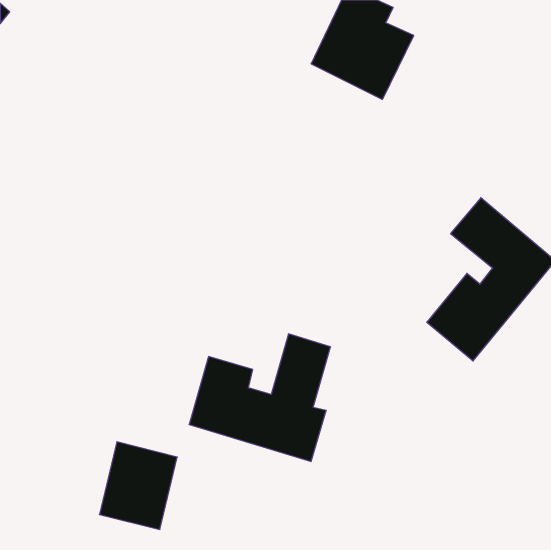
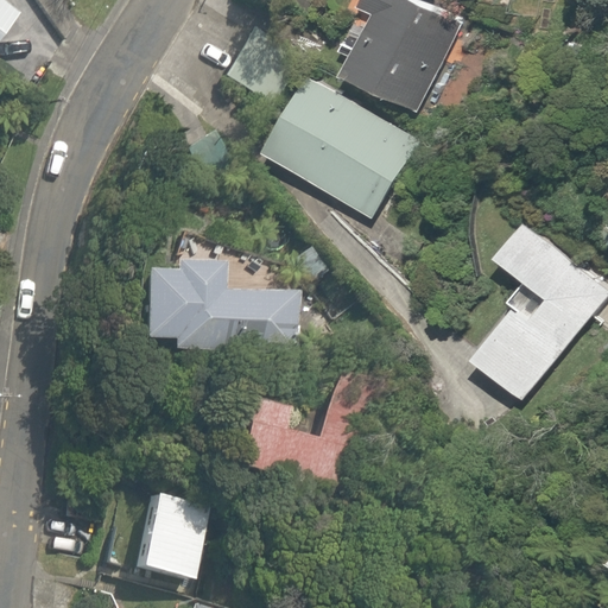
building: none -> [260,71,423,217]
building: none -> [131,258,287,359]

